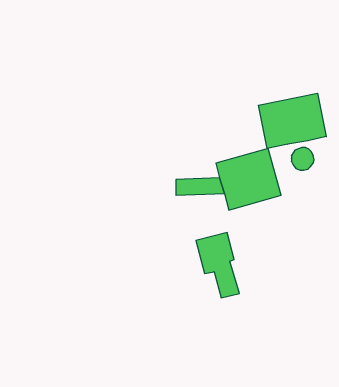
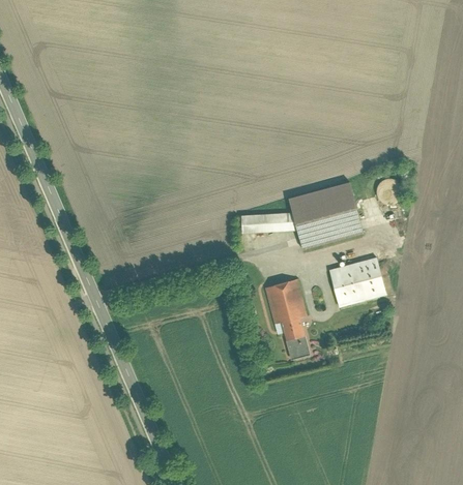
building: [258,93,326,149] -> none
building: none -> [328,256,387,308]

